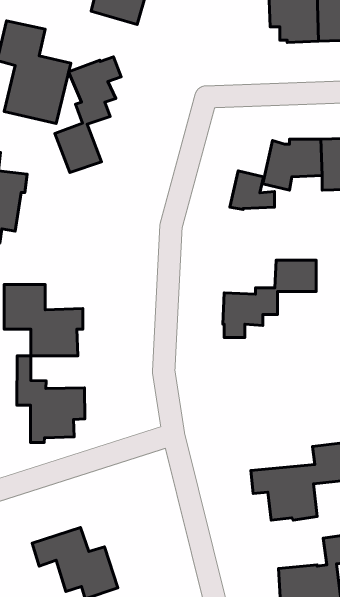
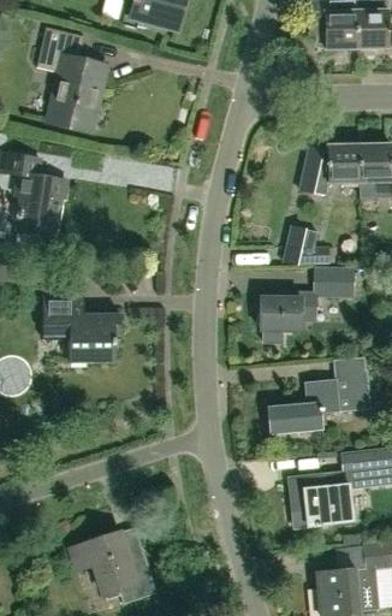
building: [55,57,121,173] -> none
building: [230,171,274,210] -> [284,226,328,265]
building: none -> [269,356,370,433]
building: [17,356,85,442] -> none

